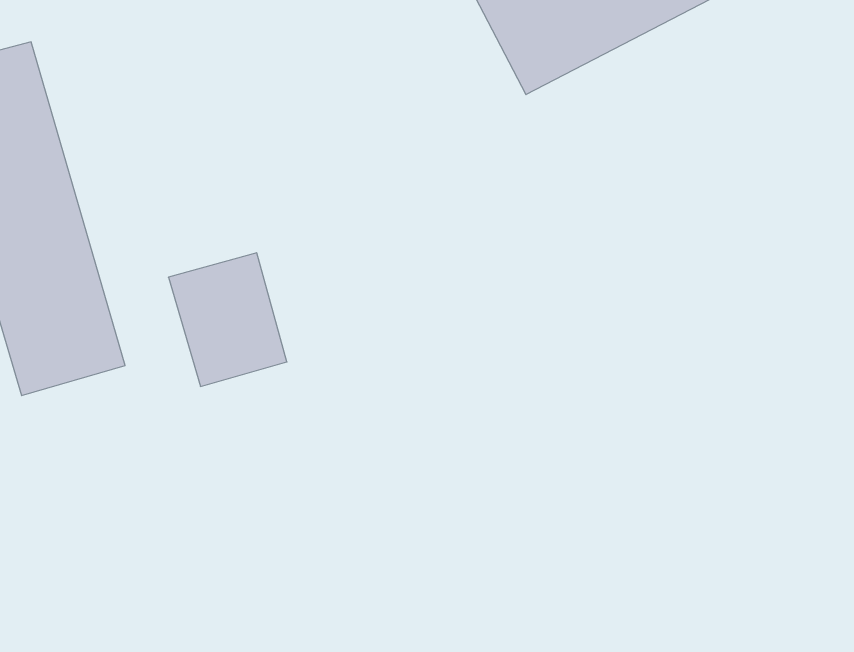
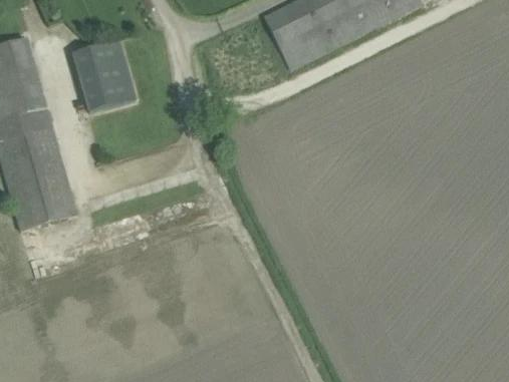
building: [168,253,287,386] -> [73,40,137,111]

